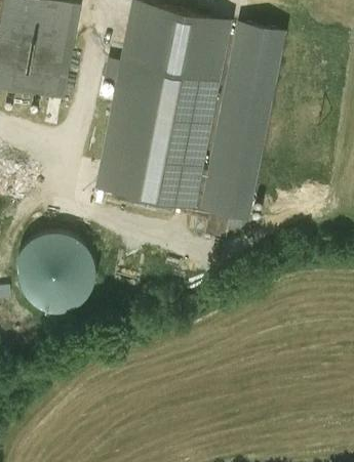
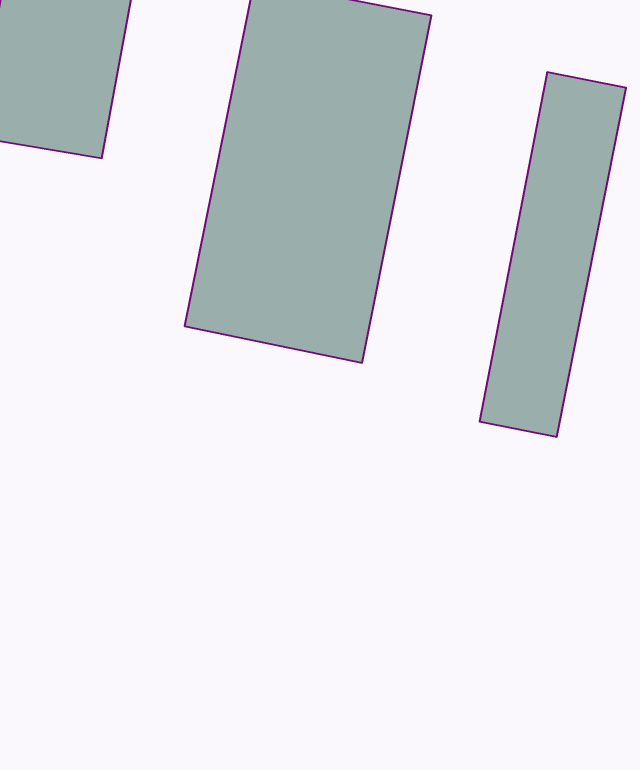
building: [204,23,282,216] -> [480,72,626,437]
building: [18,232,99,310] -> none

